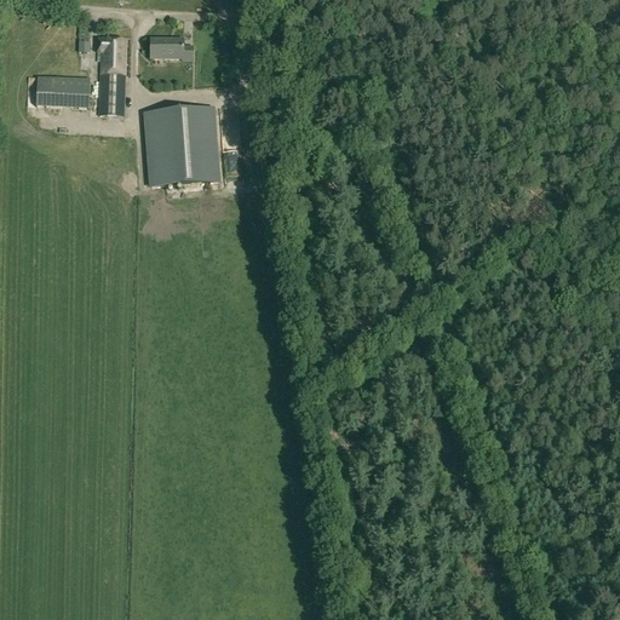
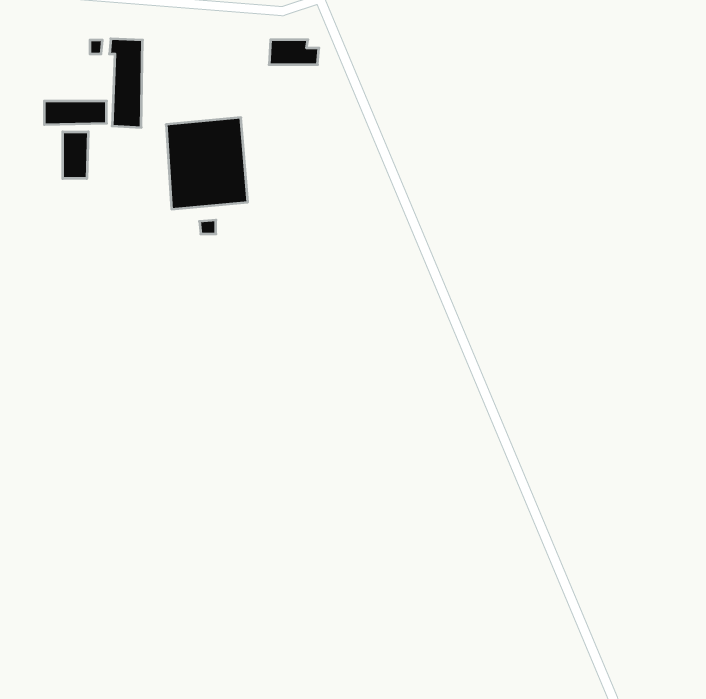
building: [150,34,194,56] -> [269,40,319,65]
building: none -> [63,132,88,179]

